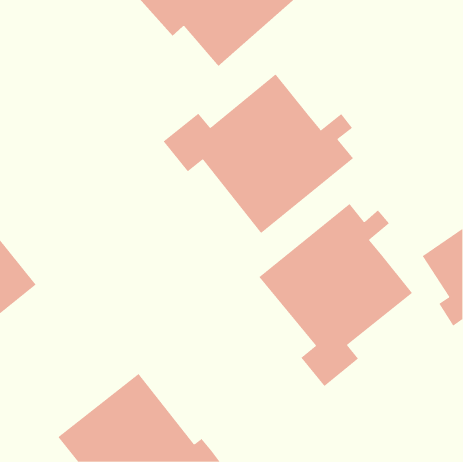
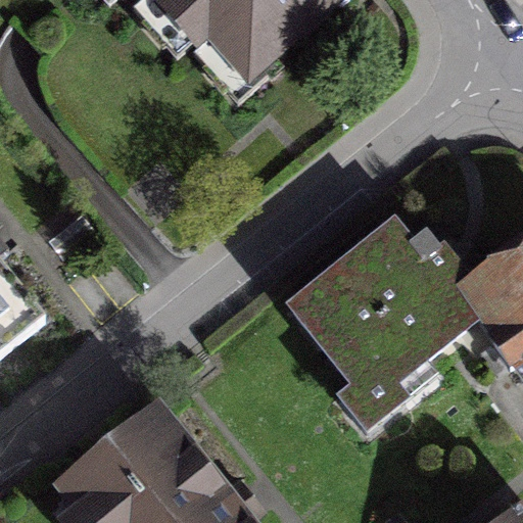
building: [163,74,354,234] -> none

